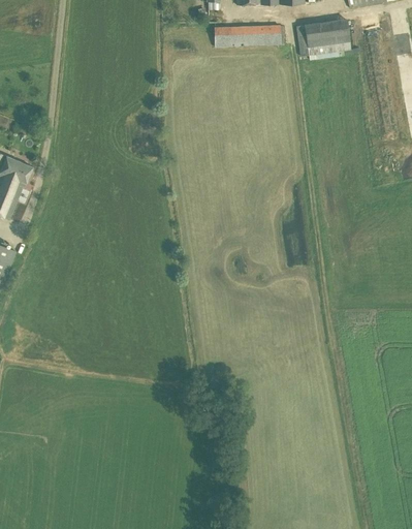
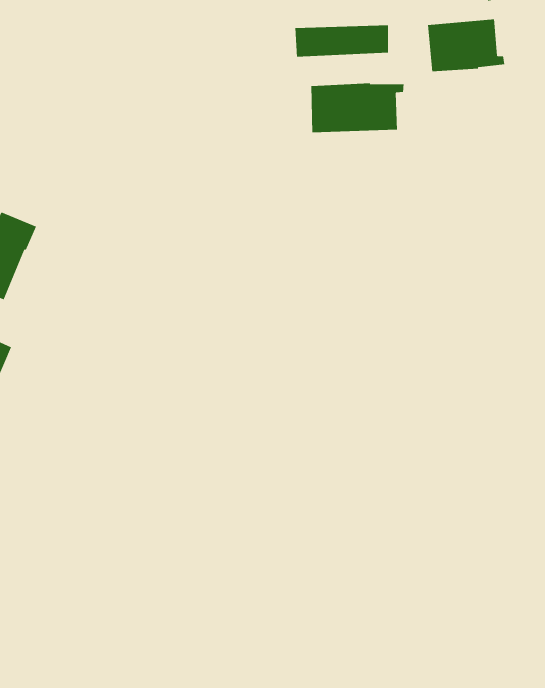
building: none -> [311,82,404,133]

